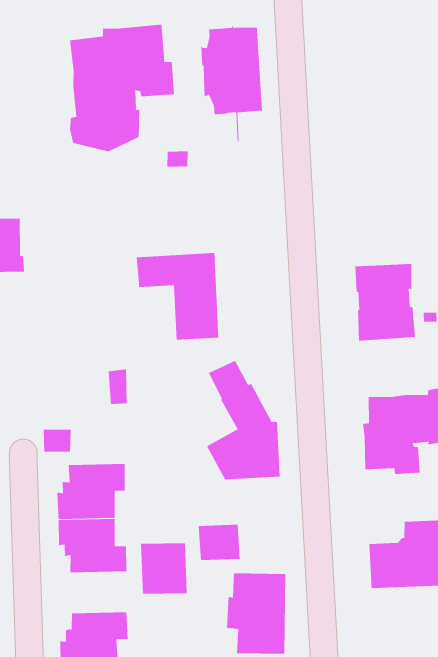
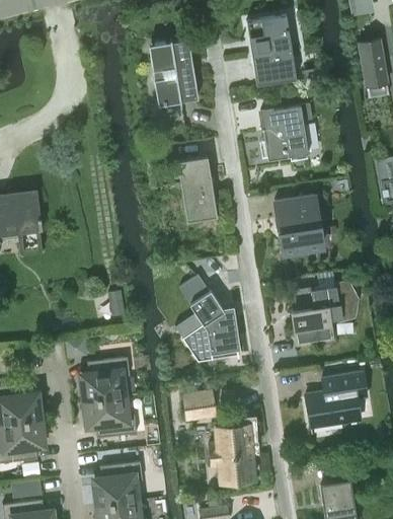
building: none -> [246,15,297,83]
building: [69,24,174,152] -> none
building: none -> [260,104,312,160]
building: [136,252,219,340] -> [152,157,217,222]
building: [141,543,187,594] -> none

